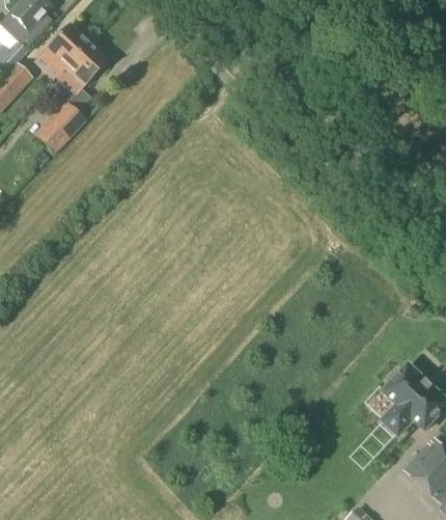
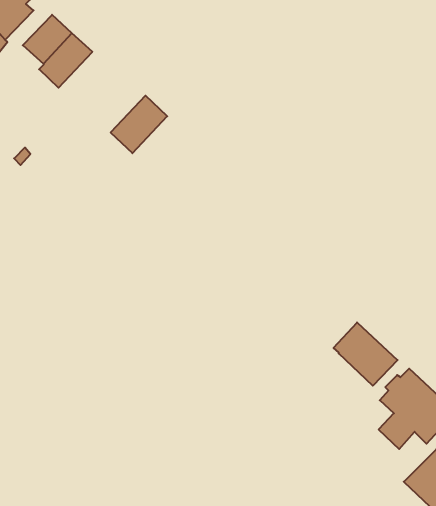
building: [32,101,86,156] -> [111,96,167,153]
building: none -> [334,322,398,386]

